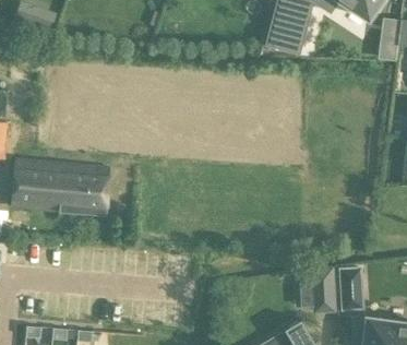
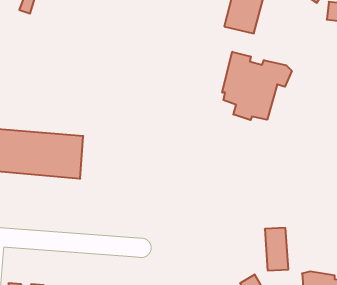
building: none -> [222,52,292,120]
building: [340,269,362,309] -> none

